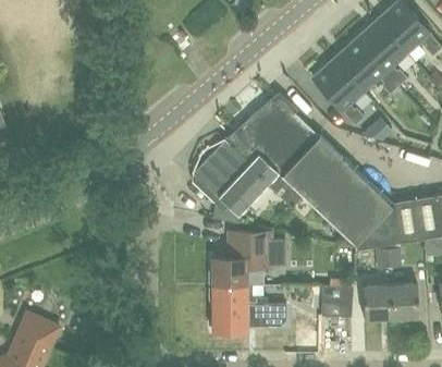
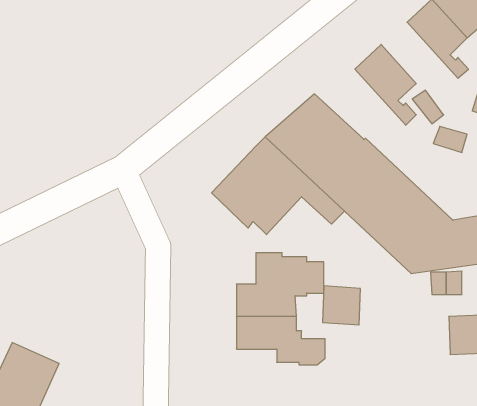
building: [333,39,397,94] -> none
building: [321,285,353,318] -> [323,286,360,325]
building: [363,285,391,318] -> none
building: [212,313,246,332] -> none

